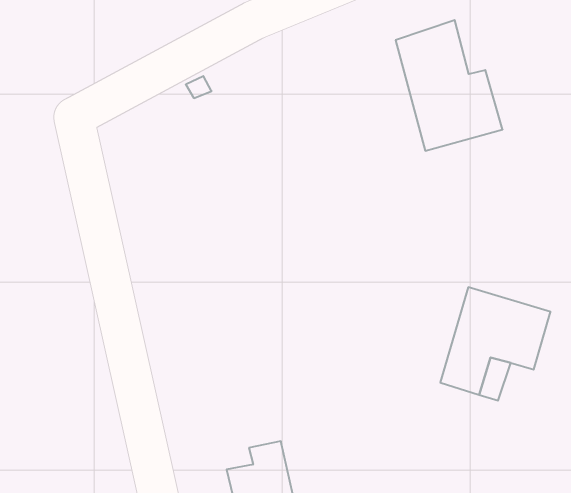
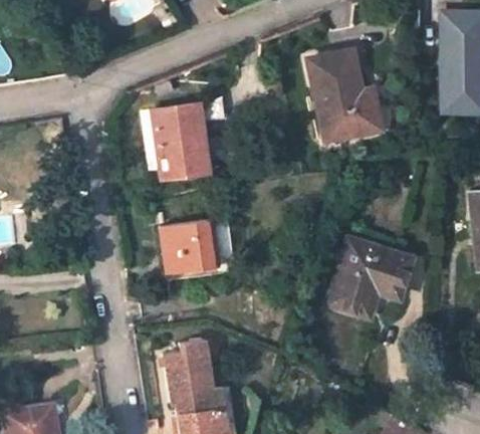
building: none -> [154,105,209,178]
building: none -> [165,220,220,275]

